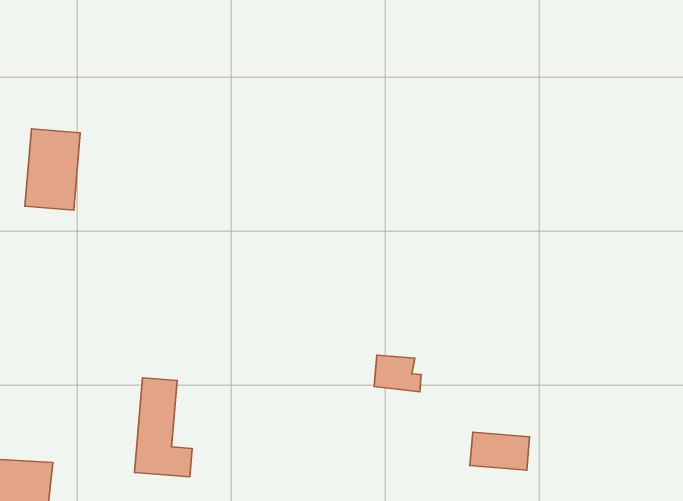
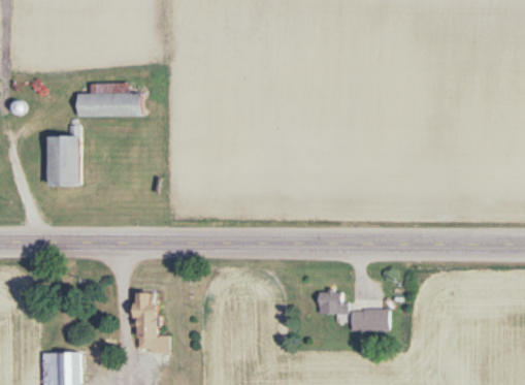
building: none -> [77,84,141,117]
building: [374,355,421,392] -> [318,292,348,314]

